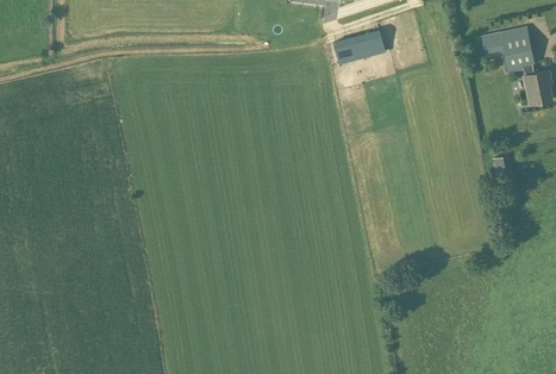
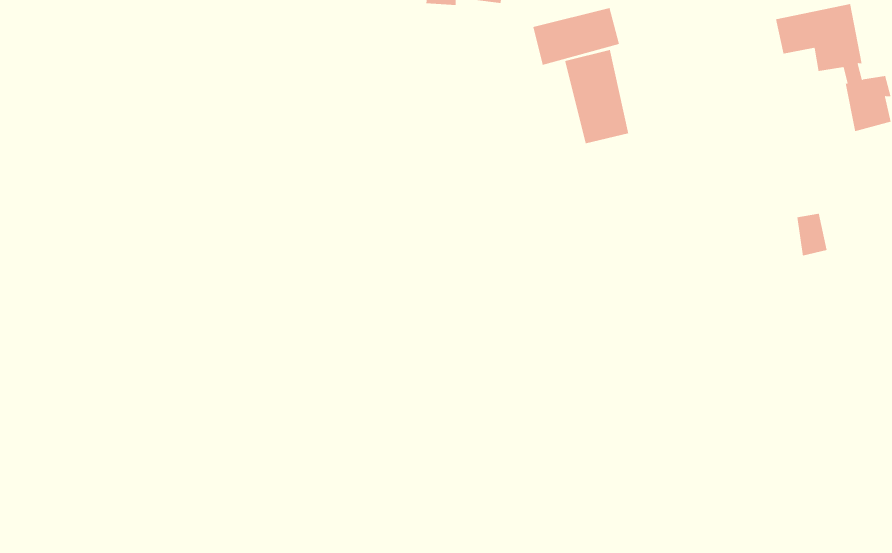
building: none -> [565,49,629,144]

